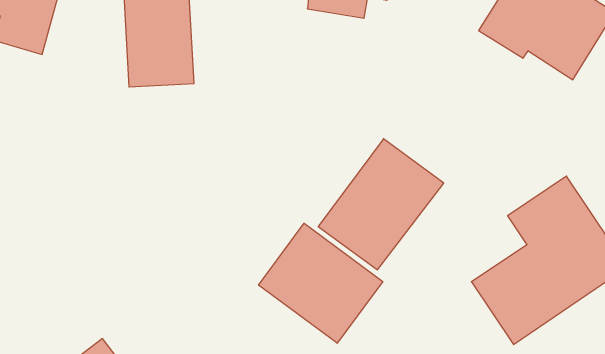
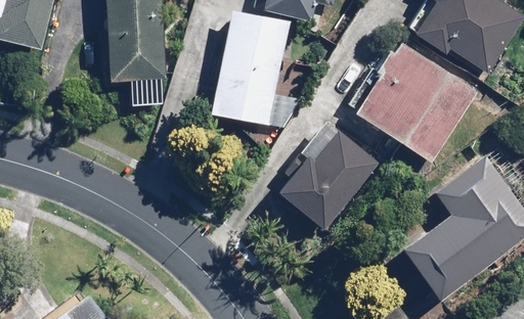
building: none -> [215,12,289,123]
building: none -> [346,44,476,160]
building: [258,223,383,343] -> none

